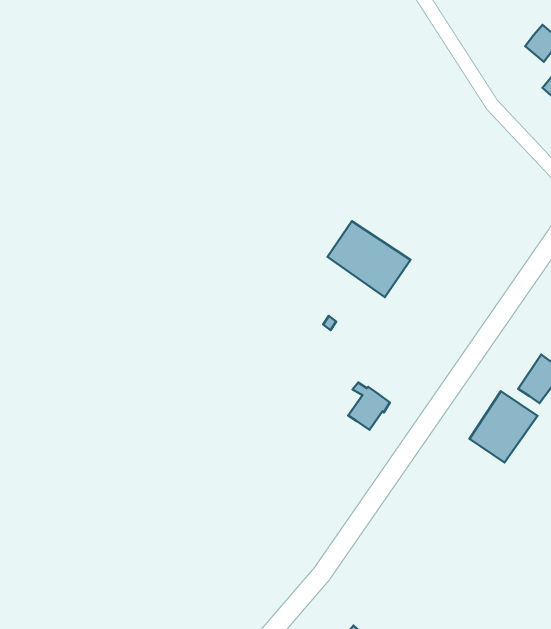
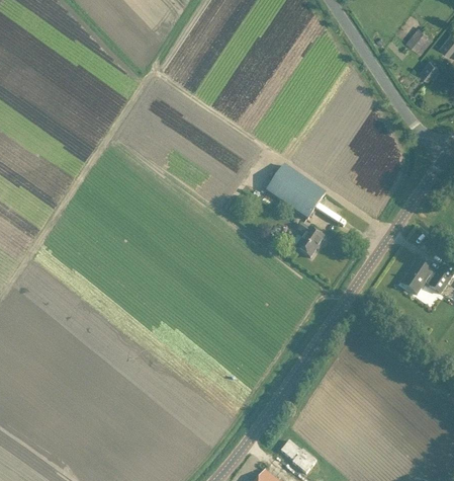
building: [348,382,390,430] -> [295,224,325,257]
building: [470,391,538,462] -> none

